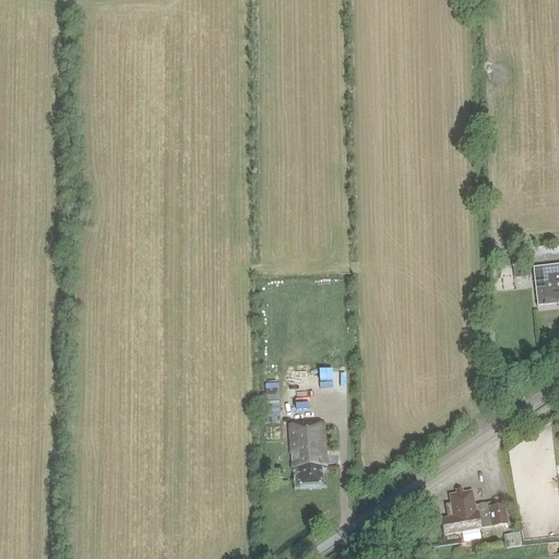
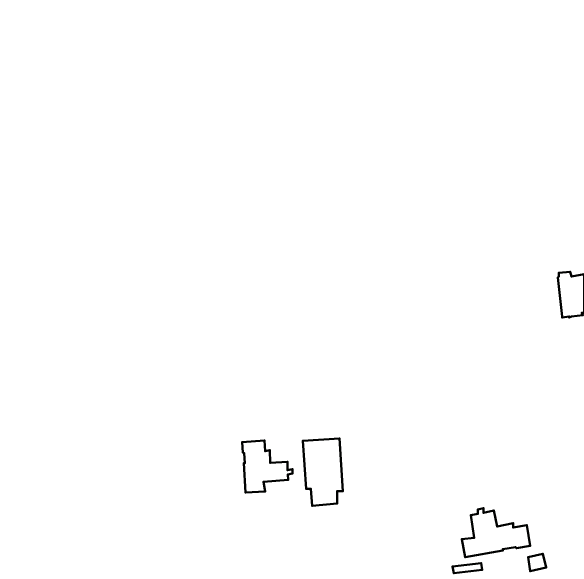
building: none -> [242,440,293,493]

